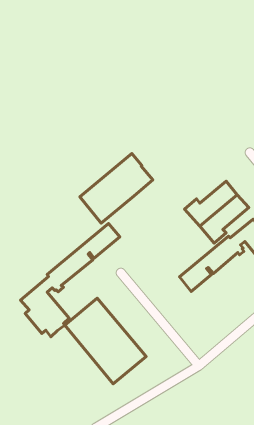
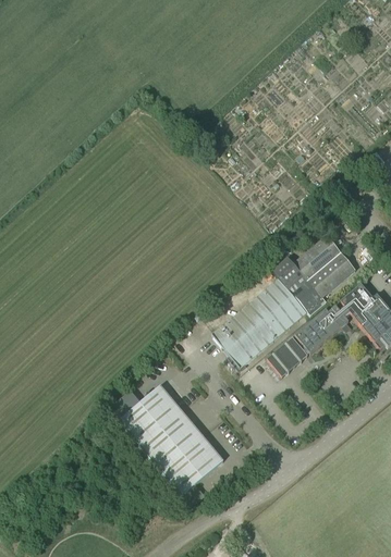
building: [80,154,153,223] -> [211,280,305,369]
building: [20,224,120,337] -> none

